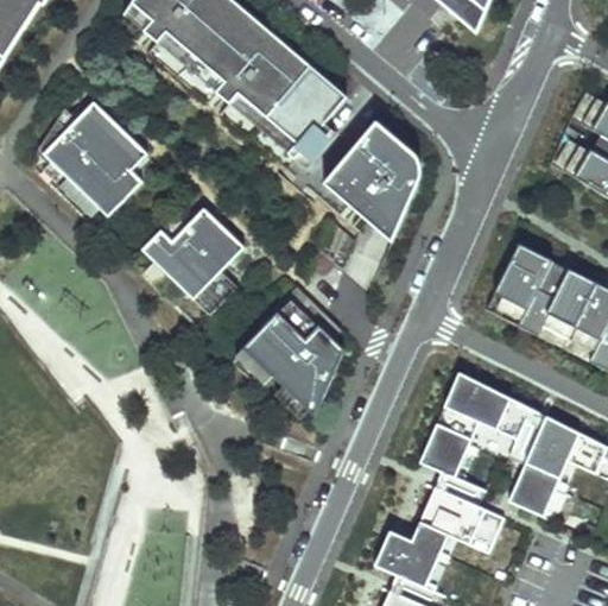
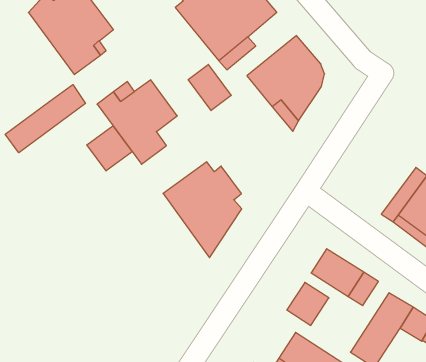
building: none -> [188,64,231,111]
building: none -> [5,85,85,153]
building: [486,241,552,324] -> none
building: none -> [87,126,132,171]

